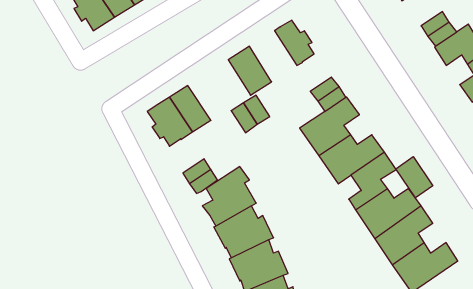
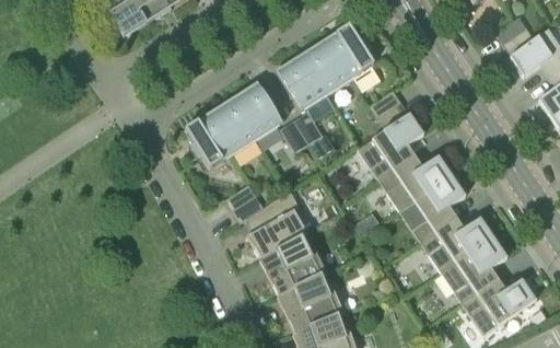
building: none -> [301,37,354,95]
building: none -> [231,82,283,139]
building: [396,157,433,198] -> none

